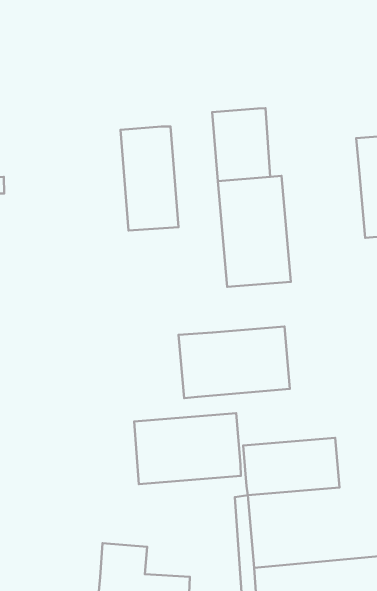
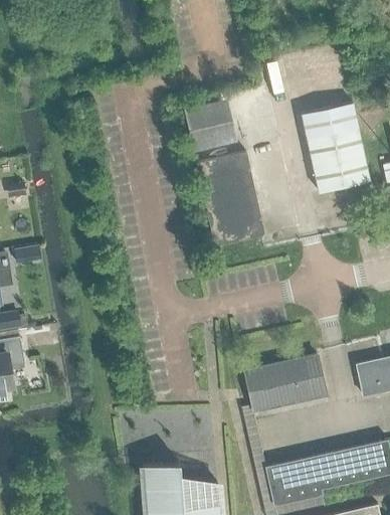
building: [121,126,179,231] -> none
building: [178,327,290,398] -> none
building: [134,413,241,484] -> none

